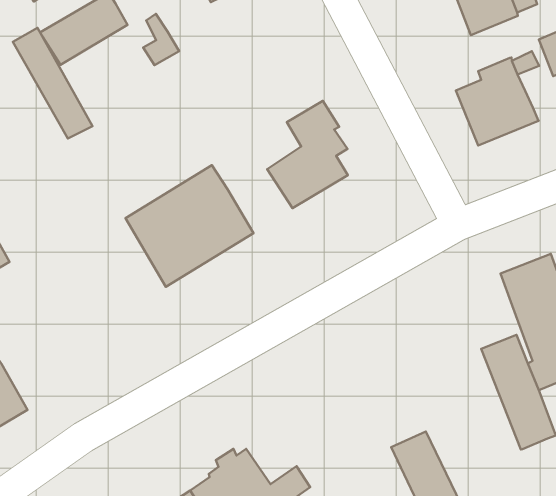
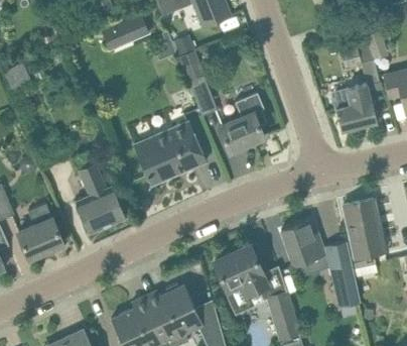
building: [13,28,92,138] -> [179,49,218,115]
building: none -> [76,162,125,233]
building: none -> [280,219,319,265]
building: none -> [214,245,266,314]

